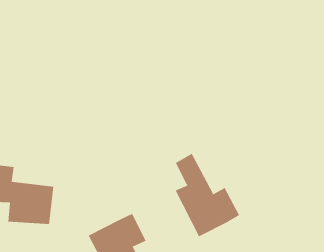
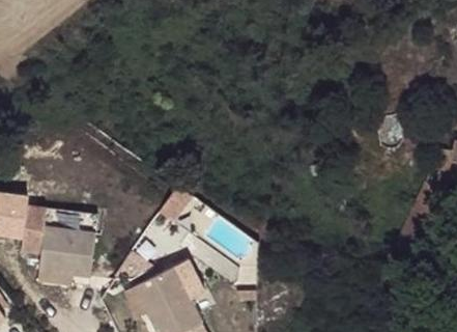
building: [175,153,240,237] -> none

